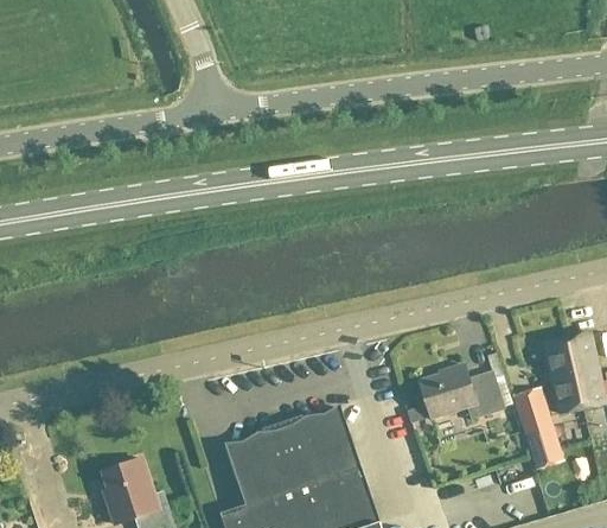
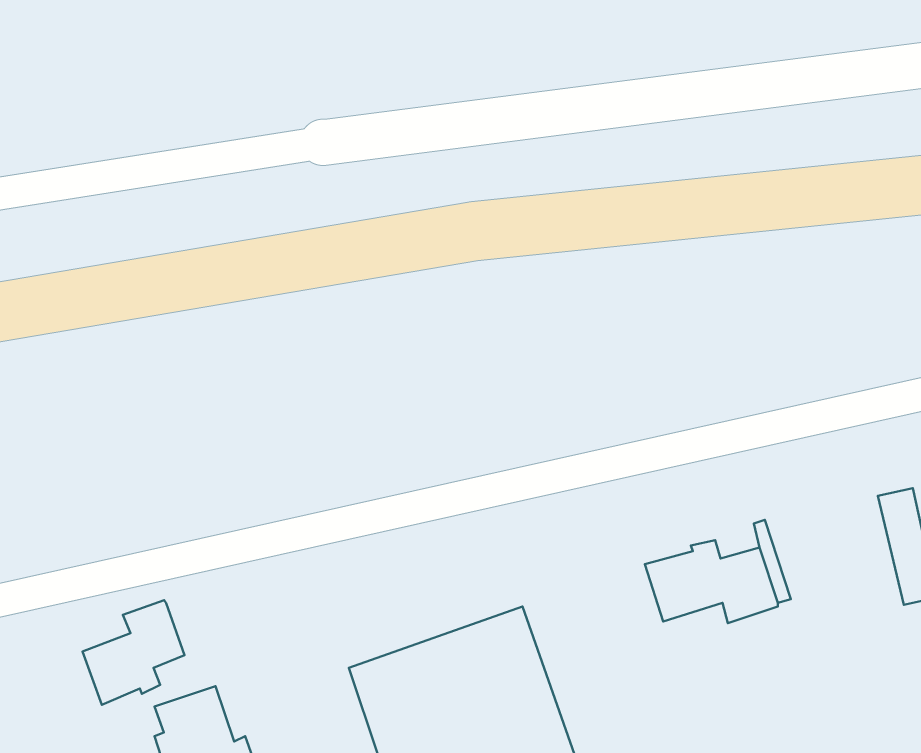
building: [544,338,583,413] -> none
building: [512,387,562,467] -> none
building: none -> [82,600,185,705]

